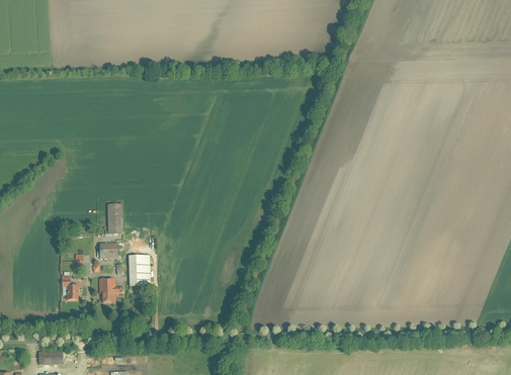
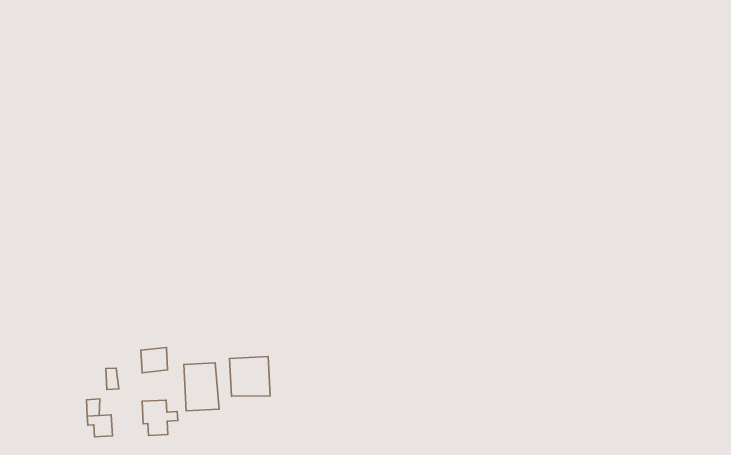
building: [106,204,121,233] -> none
building: none -> [230,357,270,396]

